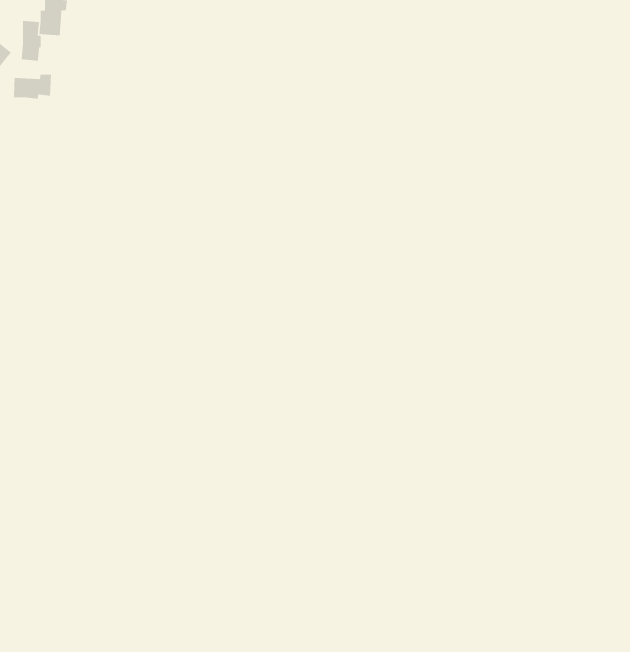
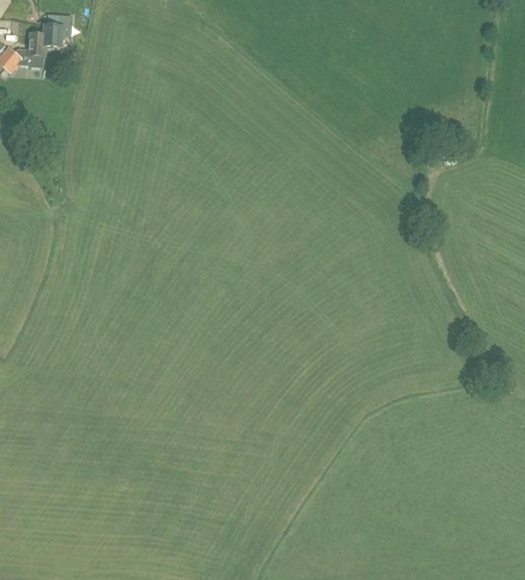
building: [13,74,52,99] -> none

